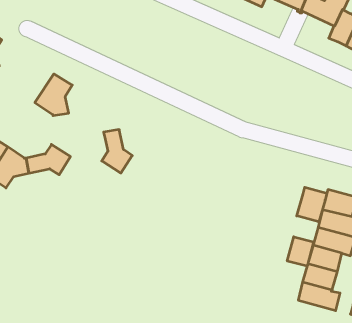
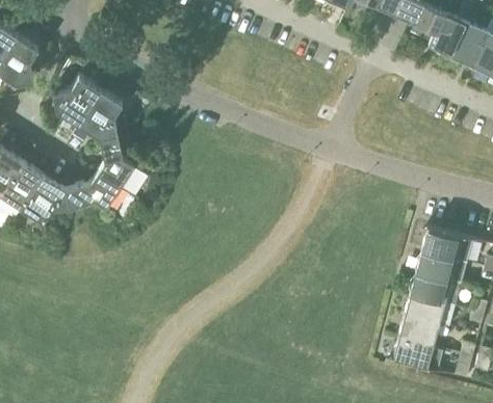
building: none -> [52,75,100,124]
building: [102,130,132,173] -> [97,136,133,188]
building: [297,187,327,222] -> none
building: [287,237,314,266] -> none

